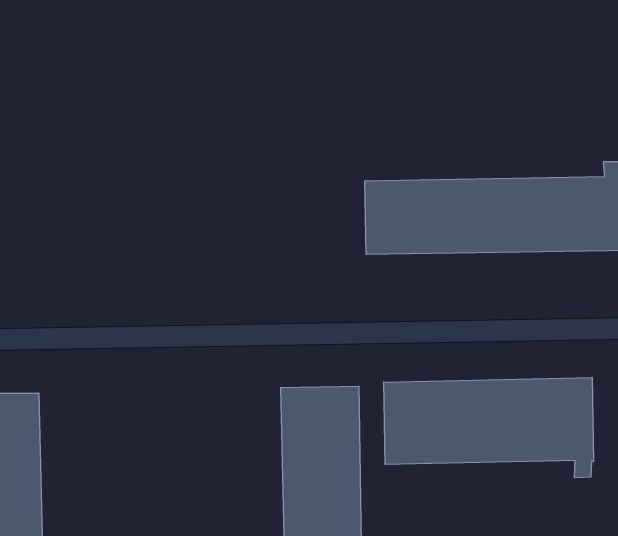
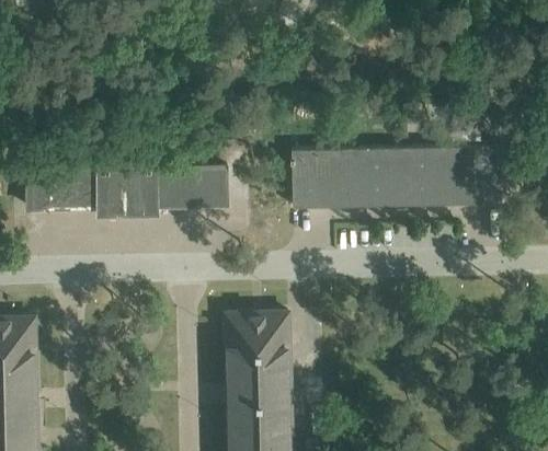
building: none -> [25,162,229,216]
building: [384,377,594,478] -> none

